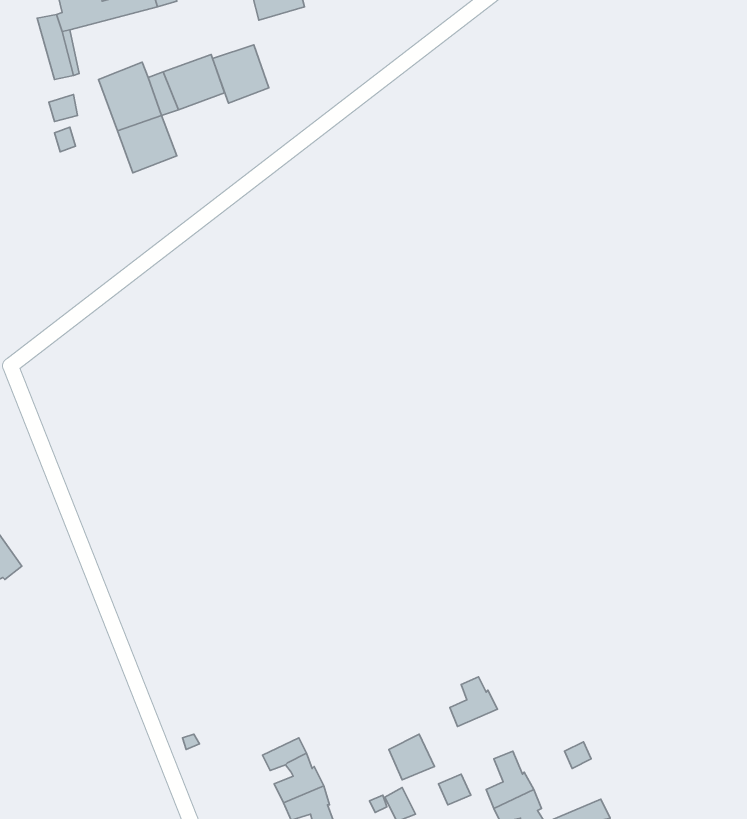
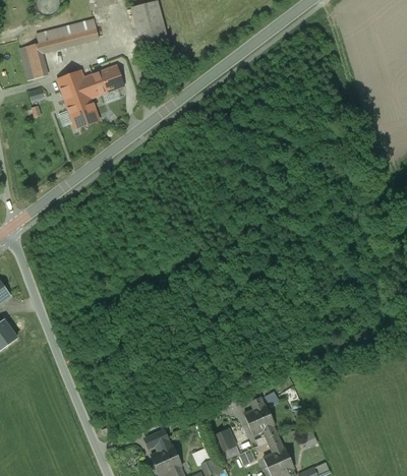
building: [212,45,269,103] -> none
building: none -> [248,414,278,440]

